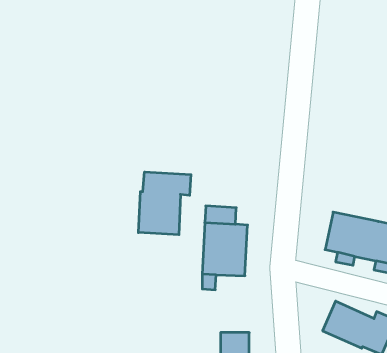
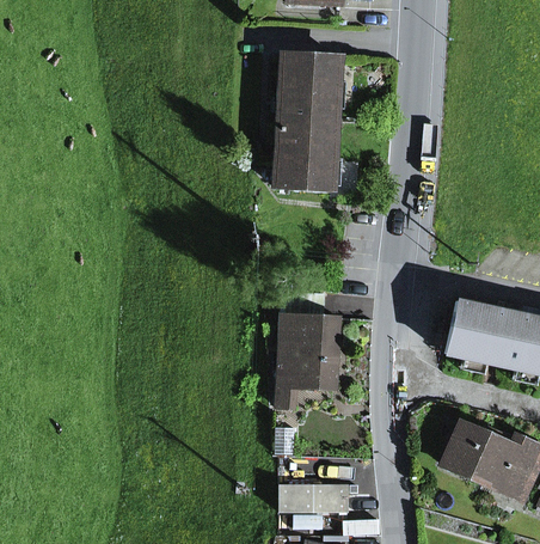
building: none -> [275,54,338,189]
building: [138,172,191,235] -> none

